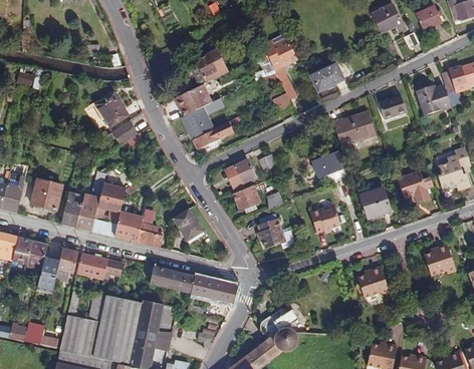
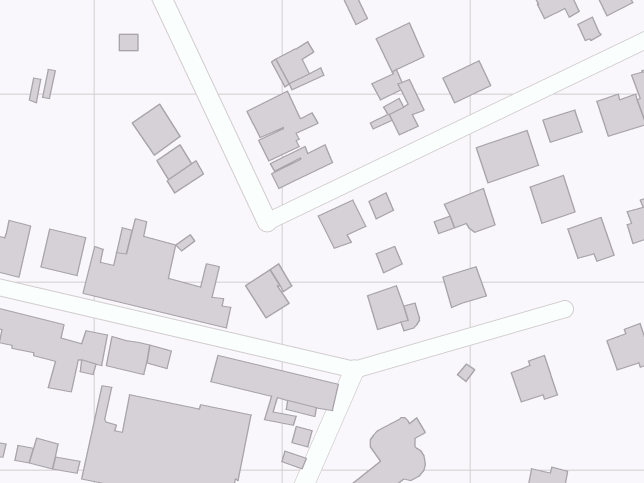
building: [232,186,258,210] -> none
building: [359,187,390,220] -> [530,175,575,223]

